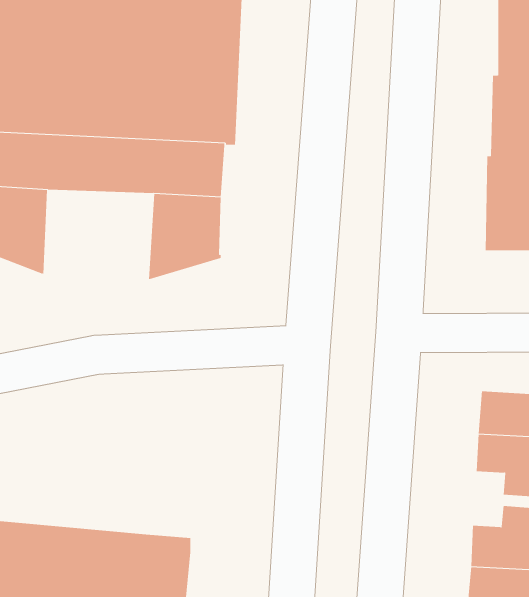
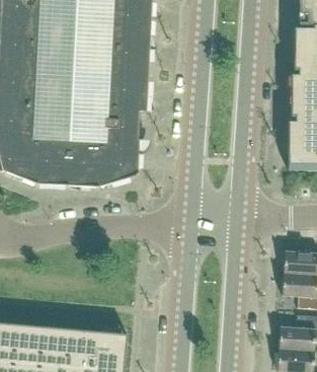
building: none -> [38,136,100,187]

